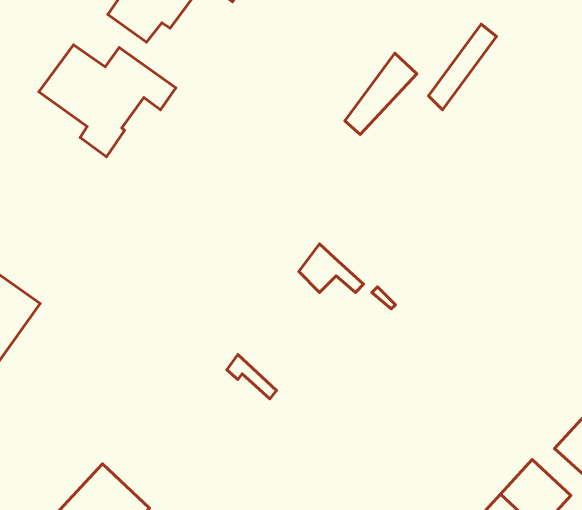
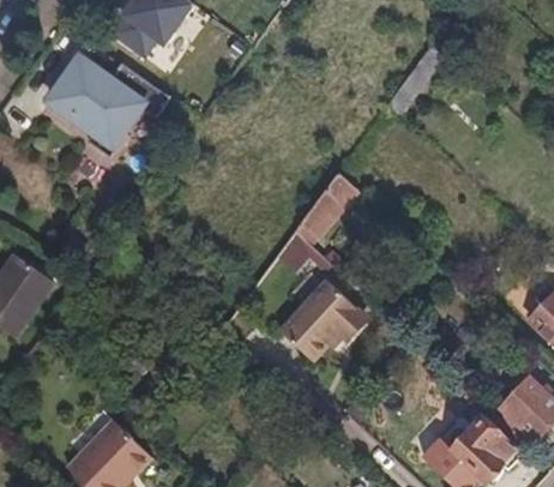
building: [345,53,417,135] -> [295,173,357,244]
building: none -> [283,281,365,360]

